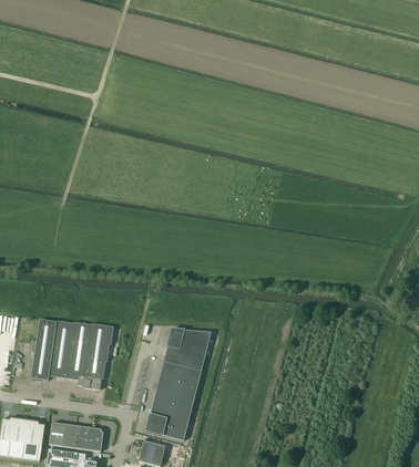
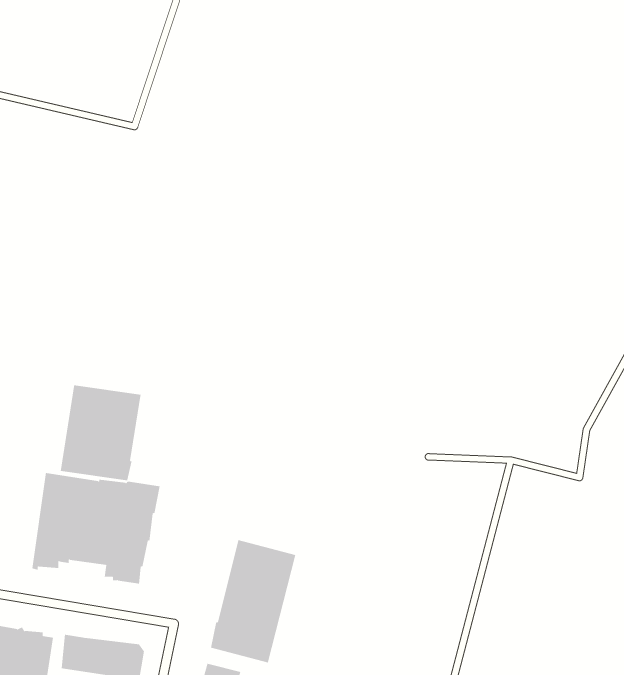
building: none -> [60,385,141,481]
building: [163,329,211,371] -> none

